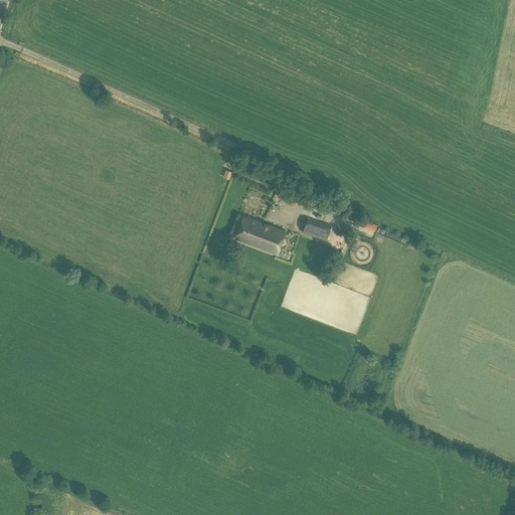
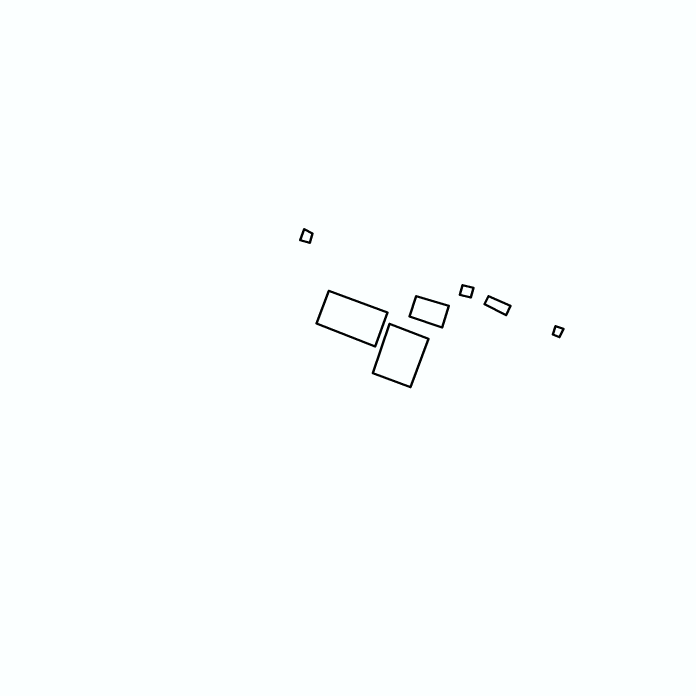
building: none -> [373,324,429,387]

